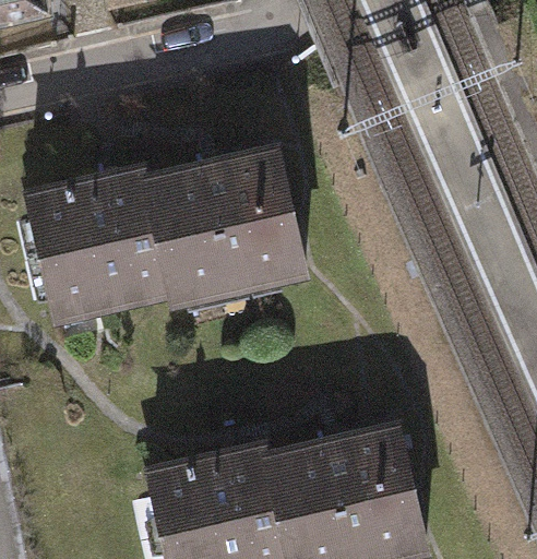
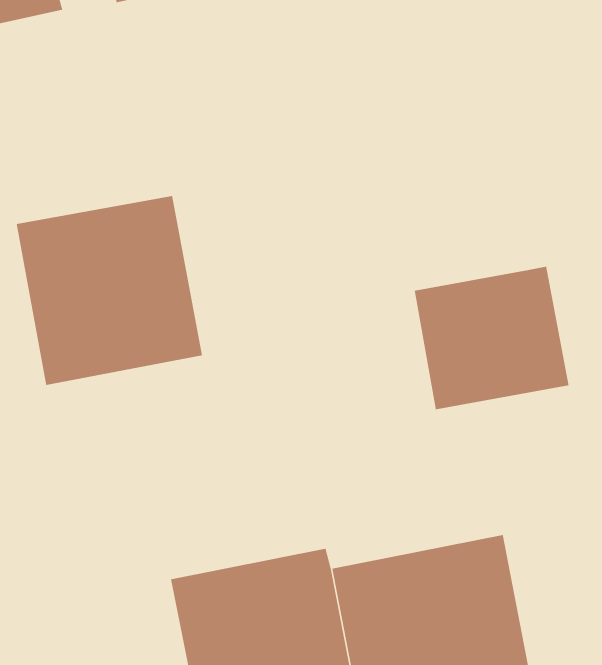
building: [145,157,308,319] -> none
building: none -> [414,266,569,410]

